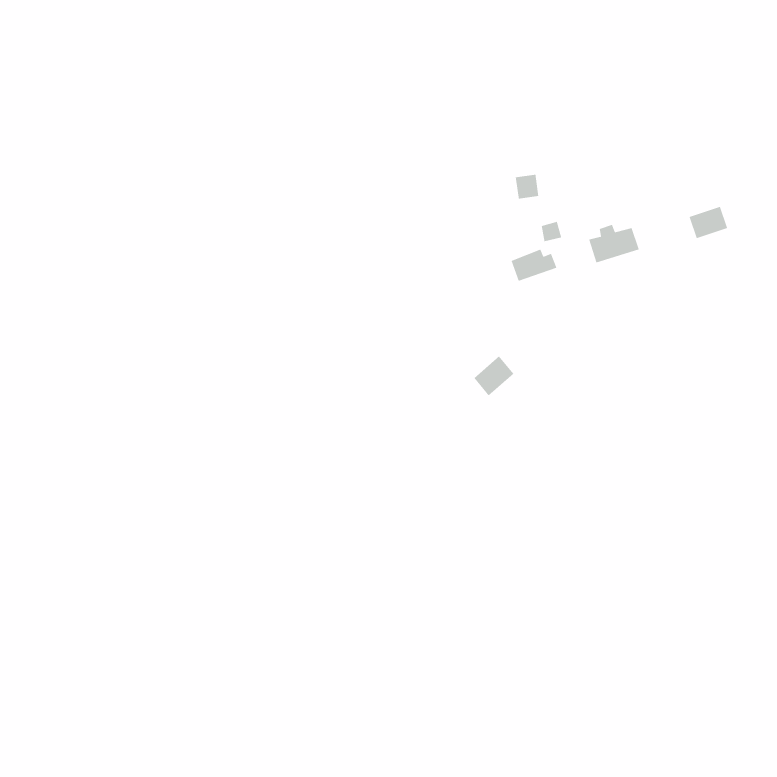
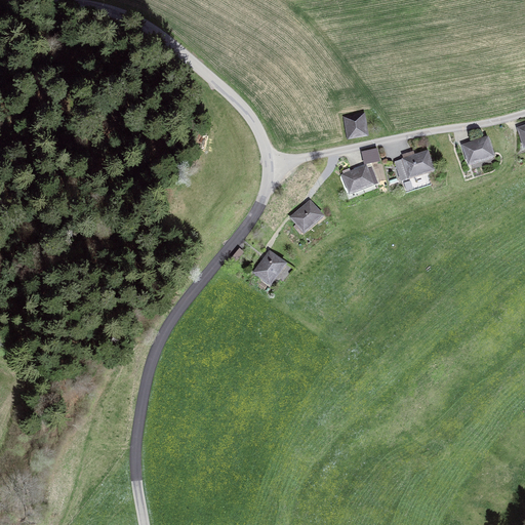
building: [473,355,515,397] -> [292,202,320,230]
building: none -> [255,252,282,281]

